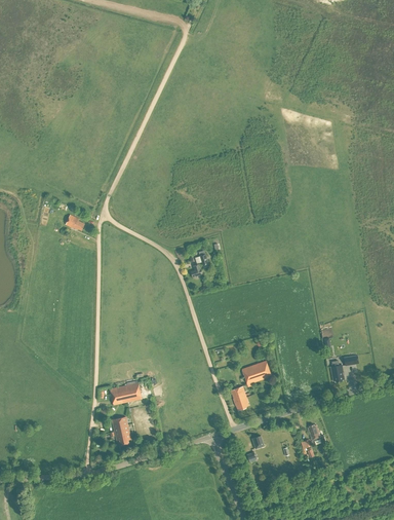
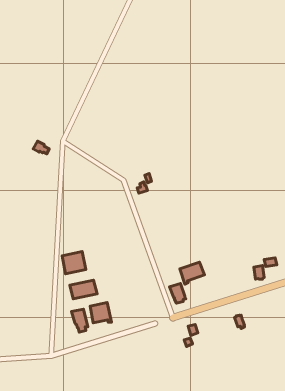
building: none -> [62,252,86,274]
building: none -> [90,302,111,323]

